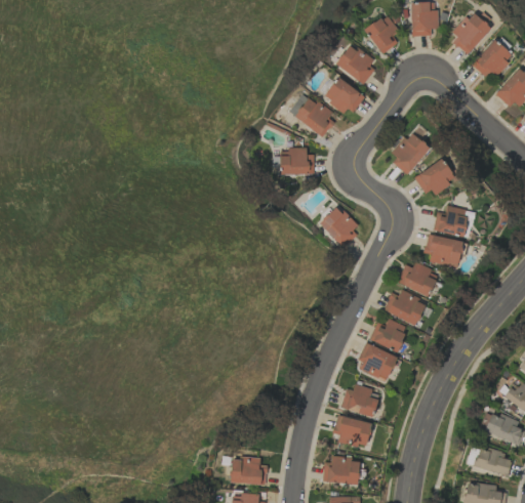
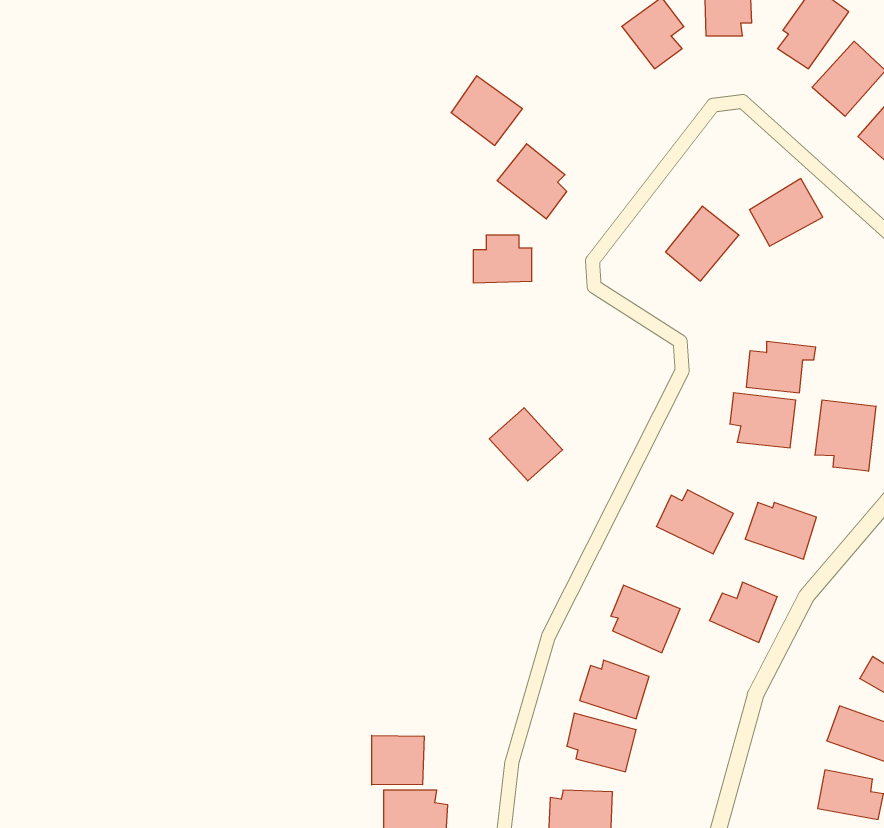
building: [335,44,374,83] -> none
building: [323,77,363,116] -> [451,76,522,145]
building: [414,159,455,197] -> [749,179,823,246]
building: [319,206,360,247] -> [489,408,563,481]
building: none -> [815,400,876,471]
building: [397,264,437,296] -> [745,502,816,559]
building: [369,319,407,352] -> [709,582,777,642]
building: none -> [372,735,424,785]

